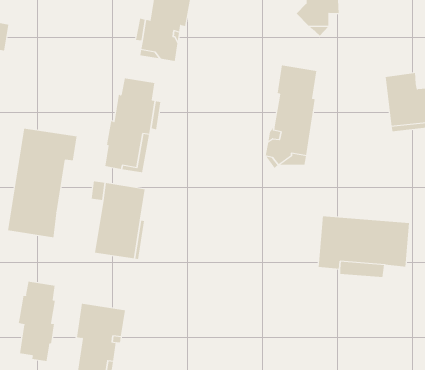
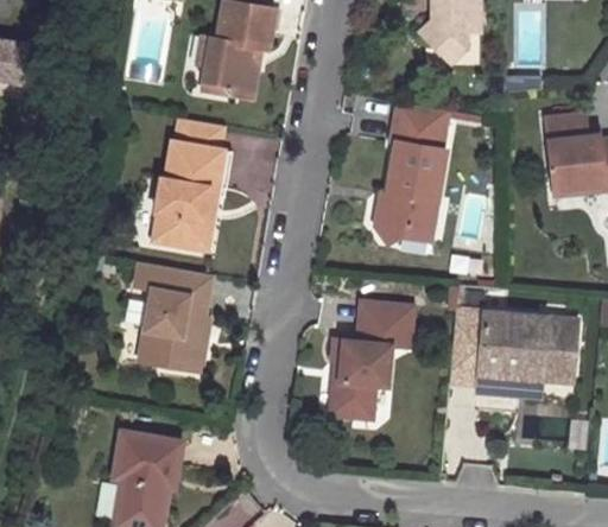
building: [8,128,77,238] -> none
building: none -> [332,304,414,419]
building: [18,281,56,362] -> none

